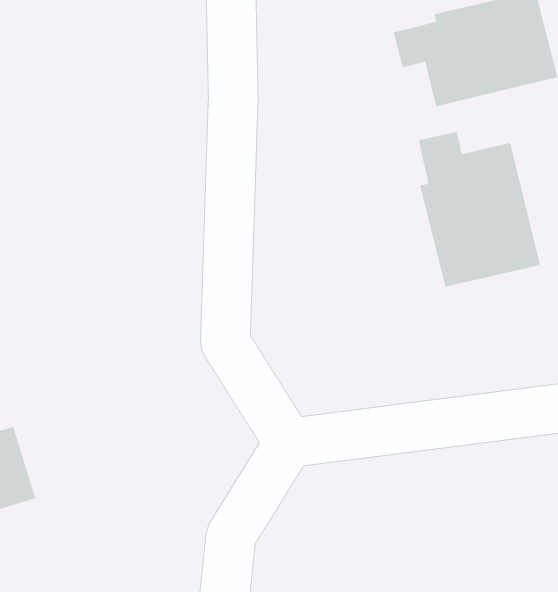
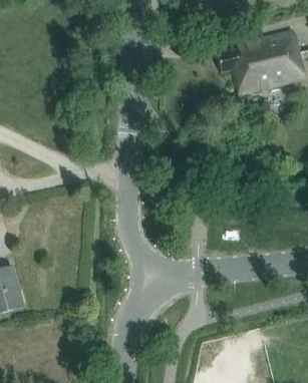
building: [418,131,541,288] -> none

